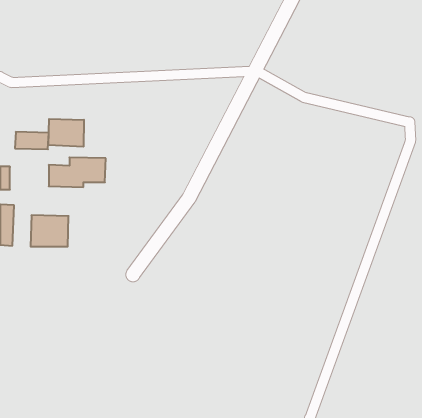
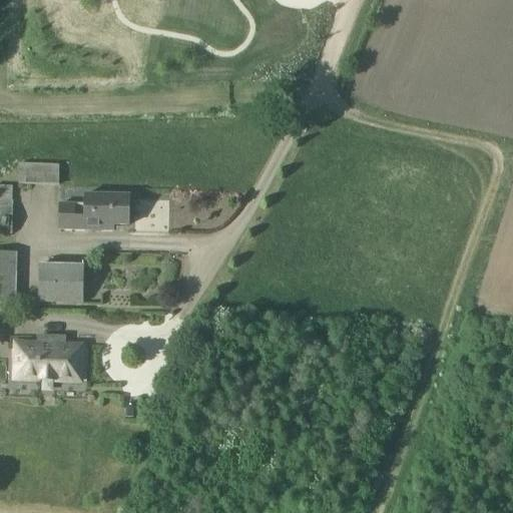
building: [49,119,84,147] -> none
building: none -> [14,334,80,378]

